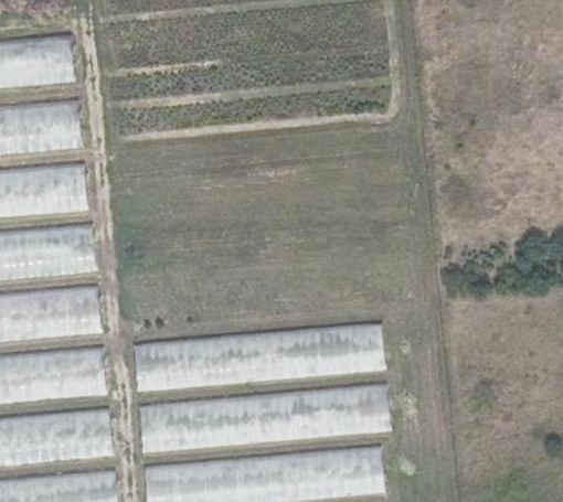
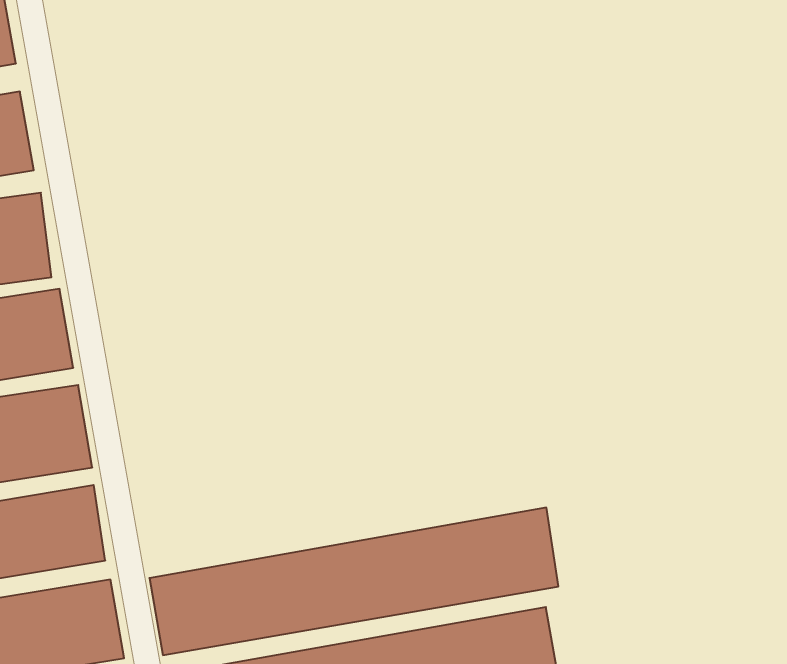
building: [129,322,383,394] -> none

